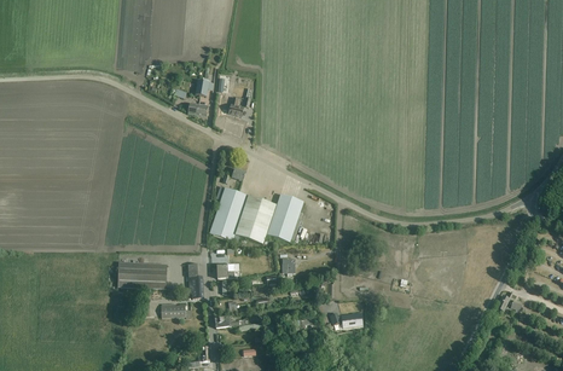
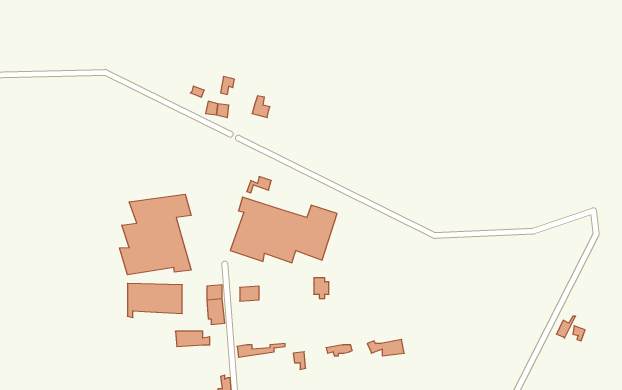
building: none -> [120,194,191,275]

